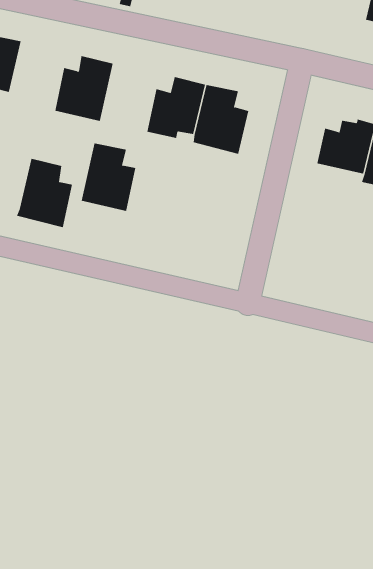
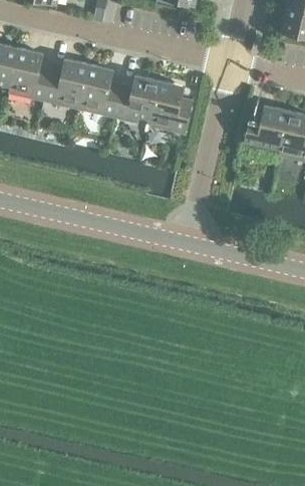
building: [81,143,136,211] -> [78,64,120,116]
building: [16,158,73,228] -> [7,47,50,100]

